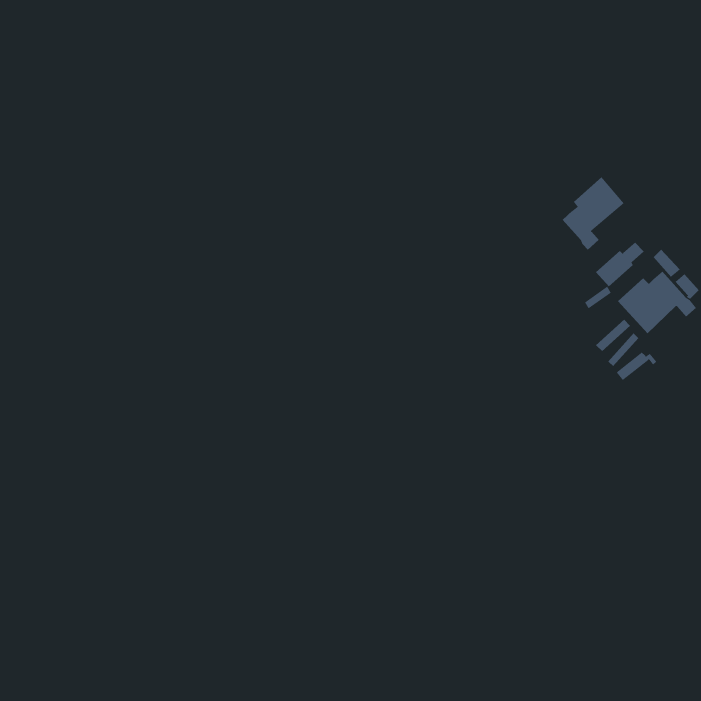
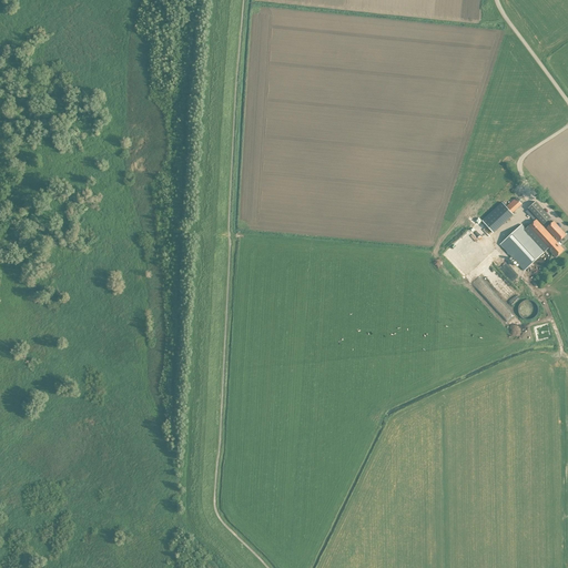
building: [562,177,624,250] -> none

